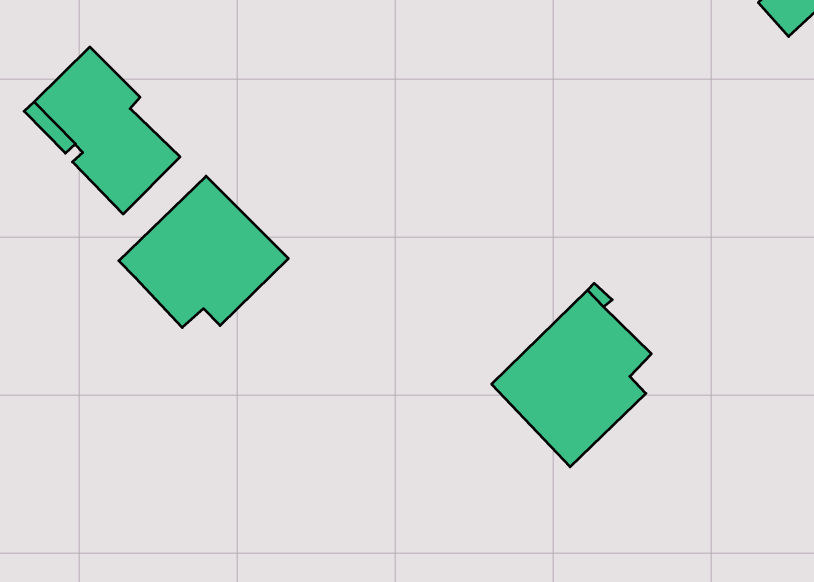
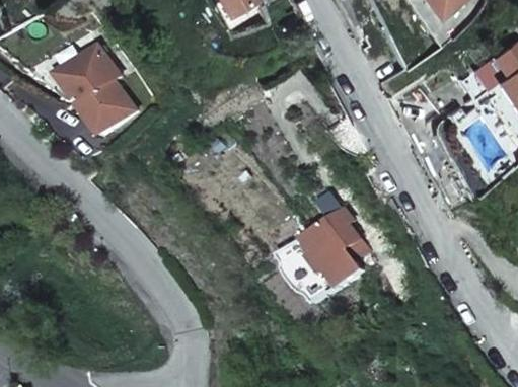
building: [119,176,288,328] -> none

